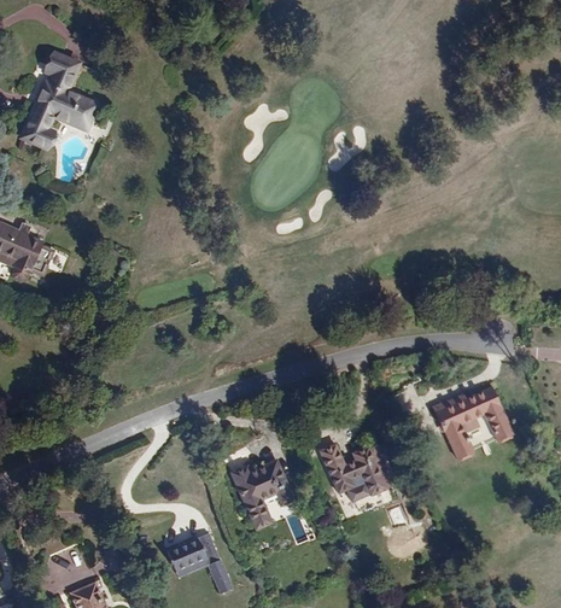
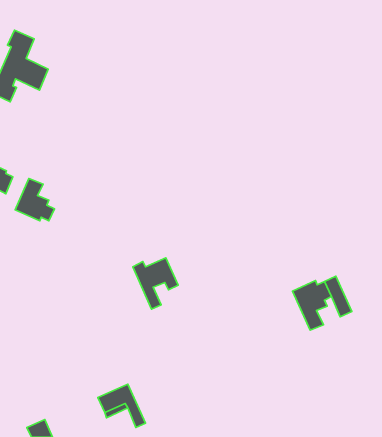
building: none -> [15,179,54,221]
building: [319,444,385,493] -> none
building: [230,460,292,530] -> [133,258,178,309]

